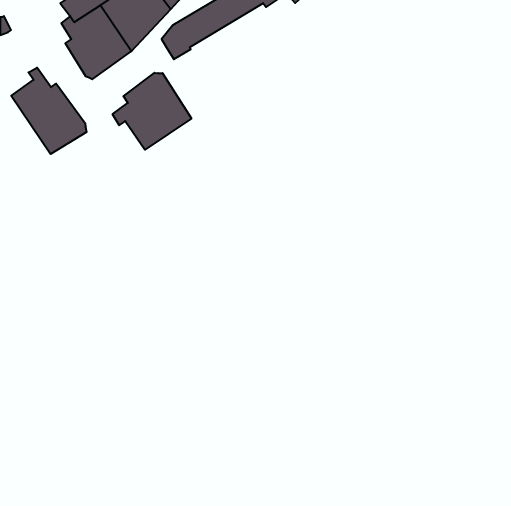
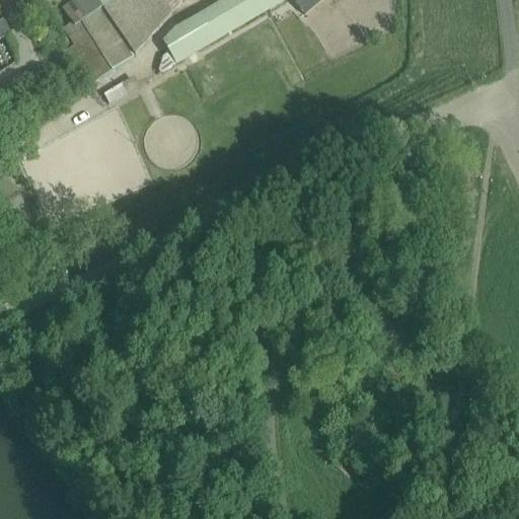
building: [11,68,87,154] -> none
building: [113,73,191,150] -> none

